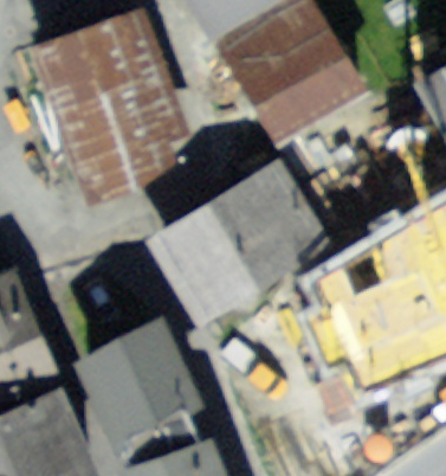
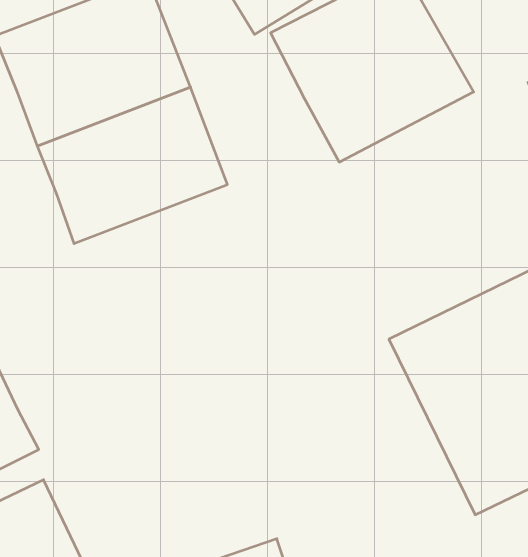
building: [155,162,322,311] -> none
building: [78,309,202,433] -> none

